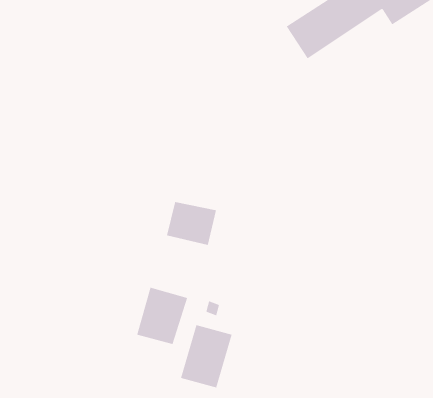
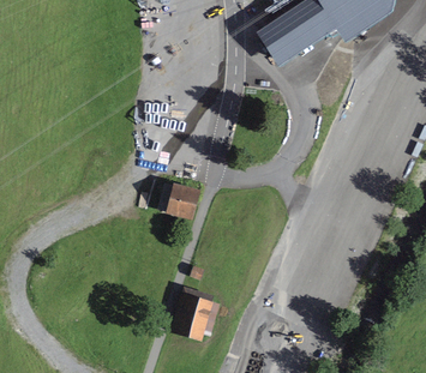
building: [136,287,188,345] -> none

